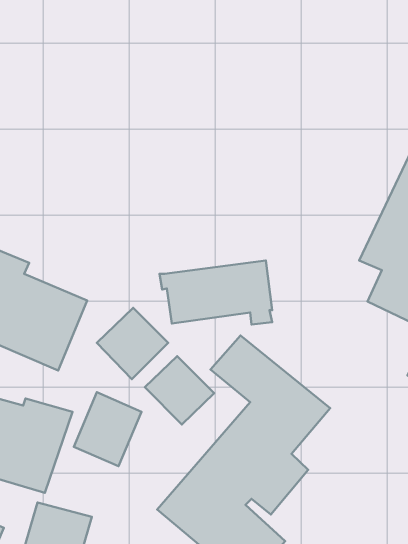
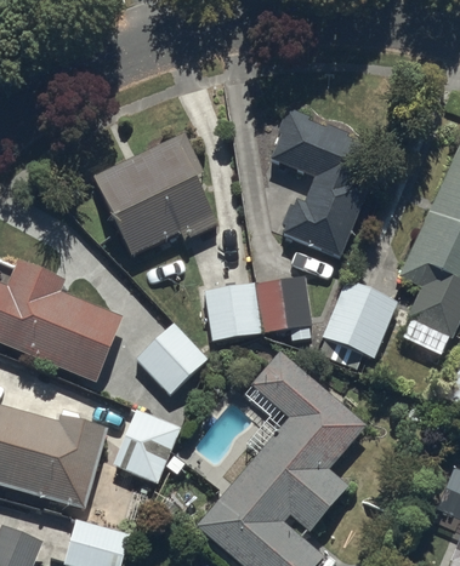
building: none -> [271,108,388,261]
building: none -> [95,135,220,256]
building: none -> [320,280,396,370]
building: [145,356,214,424] -> none

